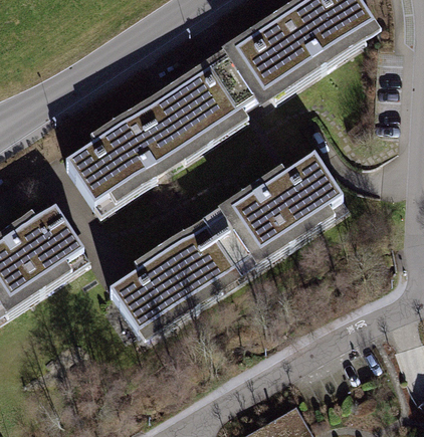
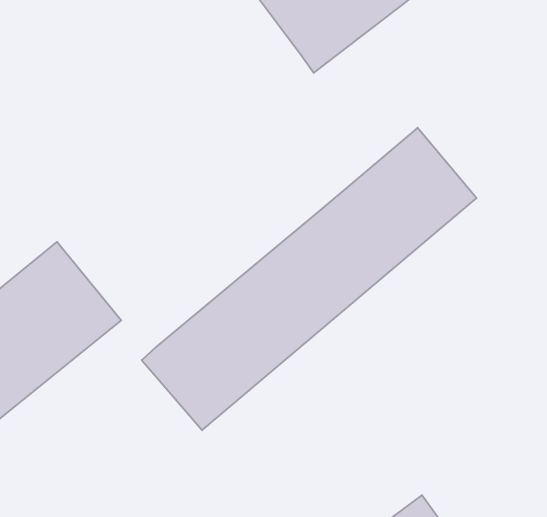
building: [68,67,248,216] -> none

